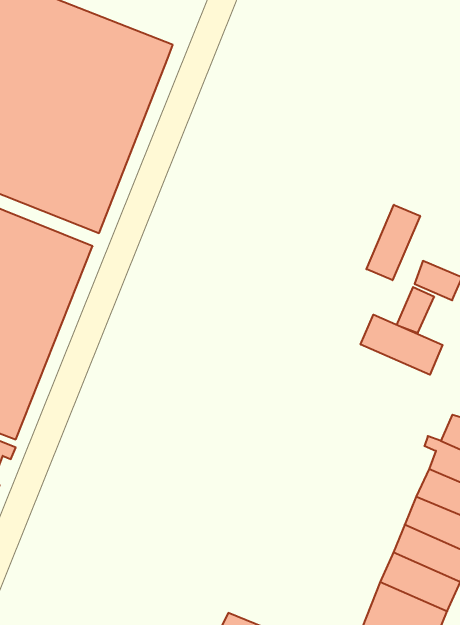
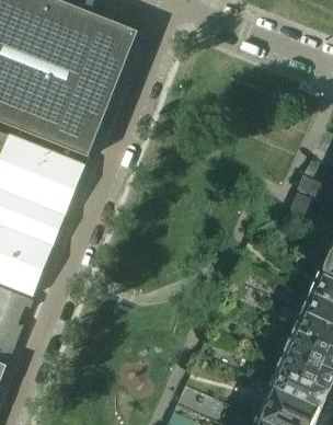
building: [366,205,420,280] -> none
building: [361,315,443,375] -> none

